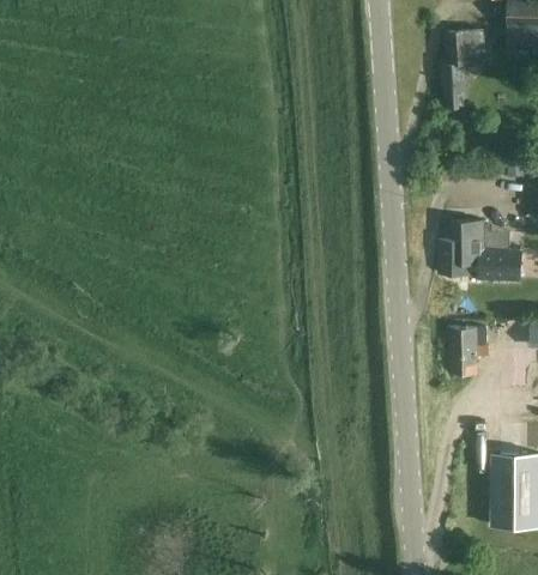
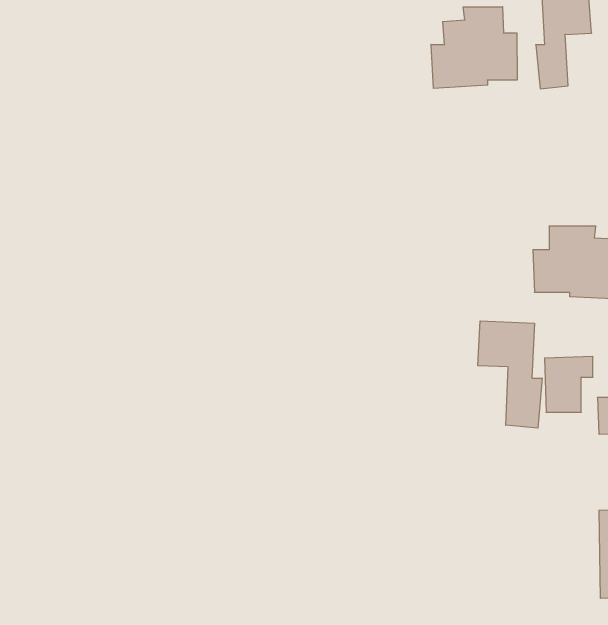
building: none -> [431,7,517,88]
building: none -> [478,321,542,428]

